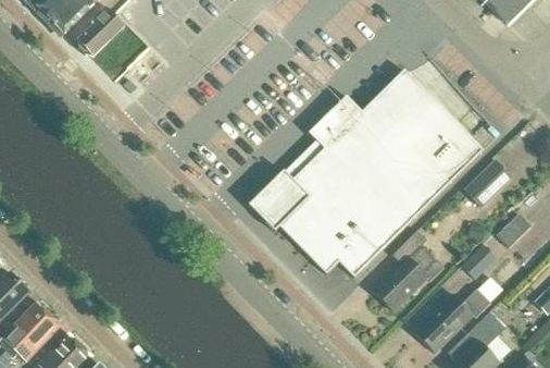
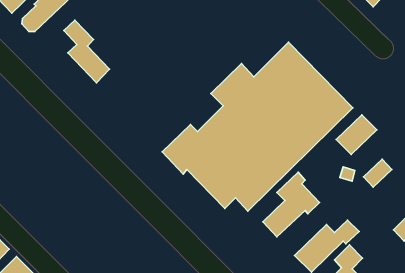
building: none -> [64,20,109,83]
building: [461,243,497,279] -> none

